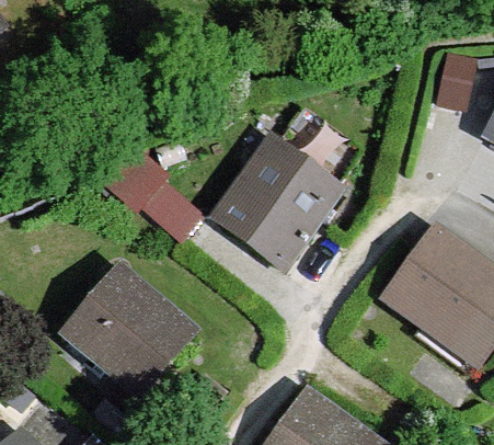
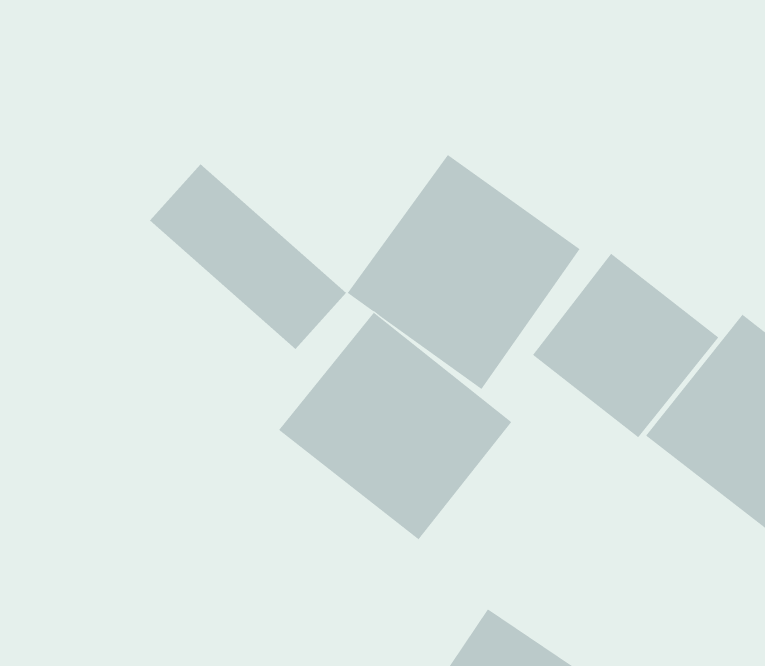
building: none -> [532,253,719,438]
building: [65,263,199,395] -> [278,312,512,540]

